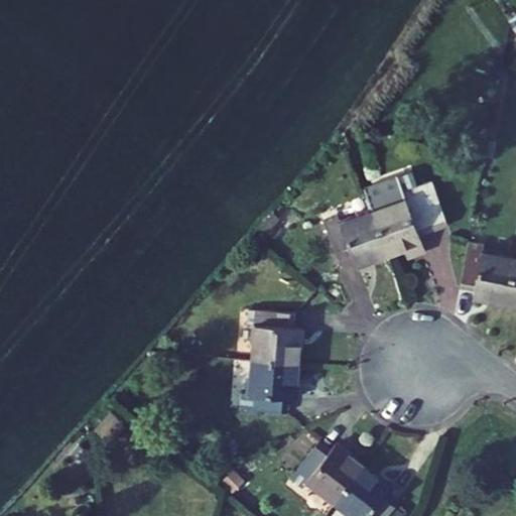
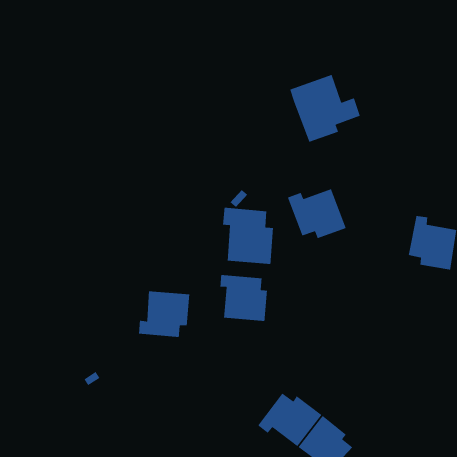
building: [368,180,448,258] -> [289,74,361,143]
building: none -> [222,207,274,265]
building: [240,359,298,412] -> [138,290,190,338]

